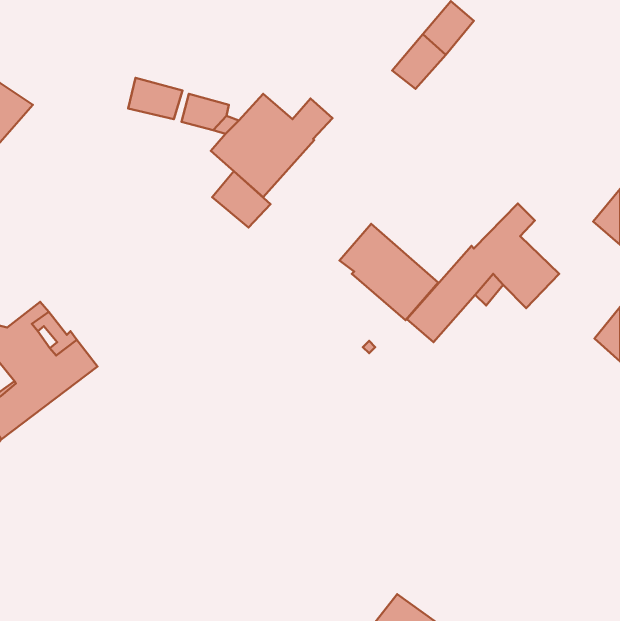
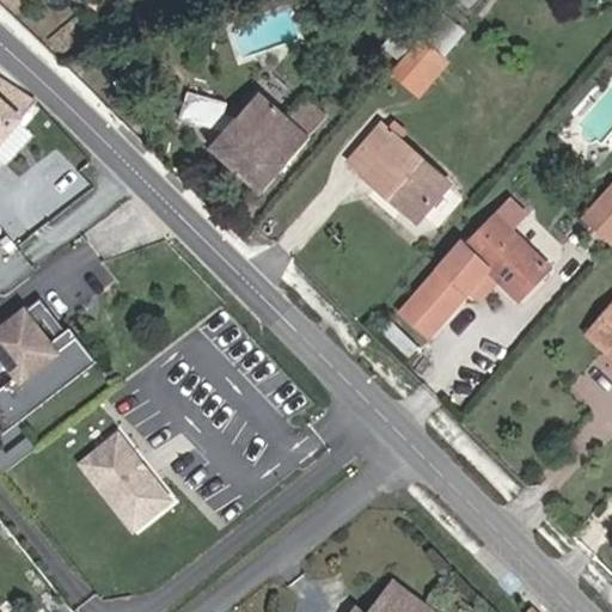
building: [128,78,182,119] -> none
building: [212,171,270,227] -> none
building: [340,224,438,320] -> [348,127,445,221]
building: none -> [79,427,179,534]

